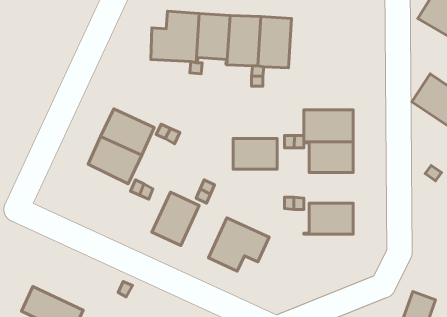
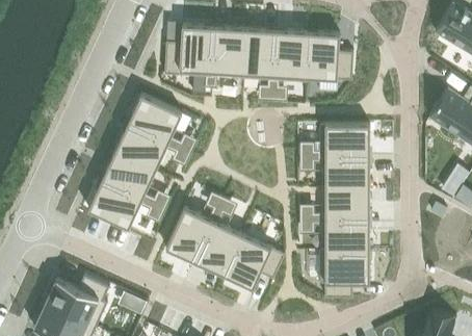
building: none -> [305,31,353,81]
building: none -> [128,94,182,141]
building: [233,138,277,169] -> [325,187,370,218]
building: none -> [88,179,142,228]
building: none -> [195,221,242,274]
building: none -> [320,250,370,296]
building: none -> [46,275,109,327]

